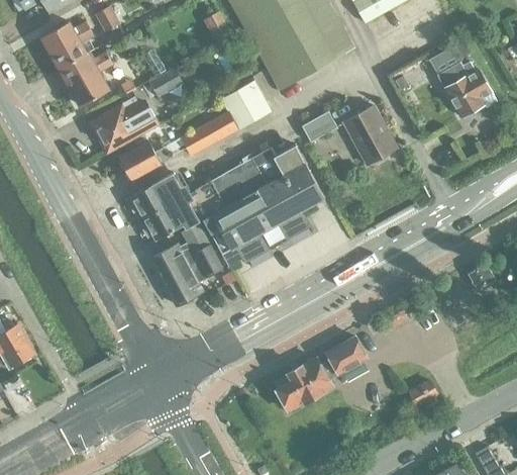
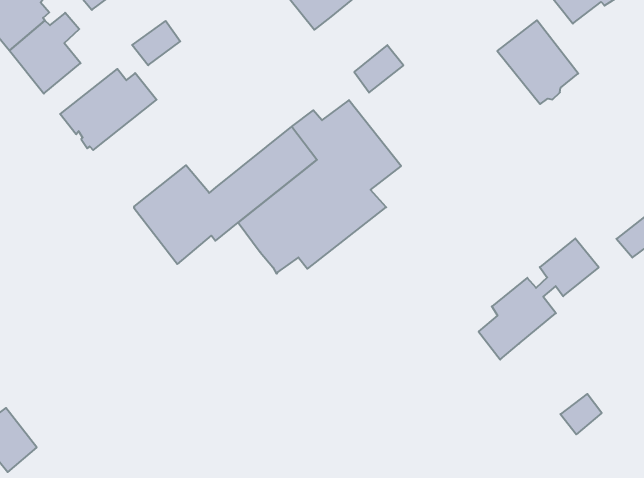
building: [180,81,272,158] -> none
building: [342,106,397,166] -> [497,20,578,104]
building: [118,140,170,181] -> none
building: [150,221,223,306] -> none
building: [277,336,369,412] -> [479,238,599,360]

